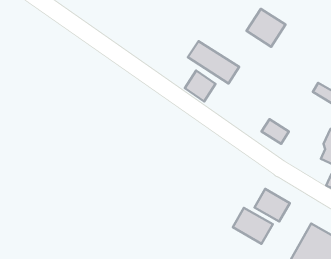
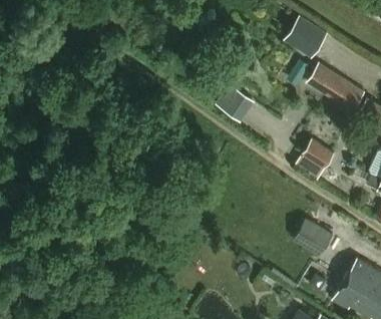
building: [188,41,239,84] -> [305,64,363,112]
building: [233,208,273,244] -> none

